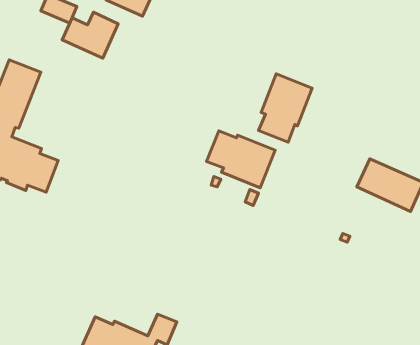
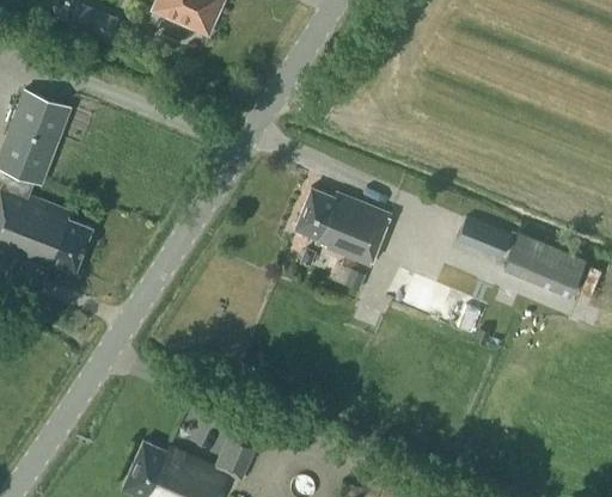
building: [62,12,118,58] -> none
building: [259,74,312,142] -> none
building: none -> [458,220,510,259]

